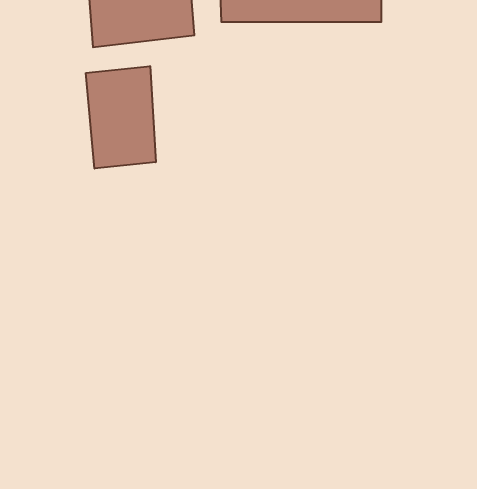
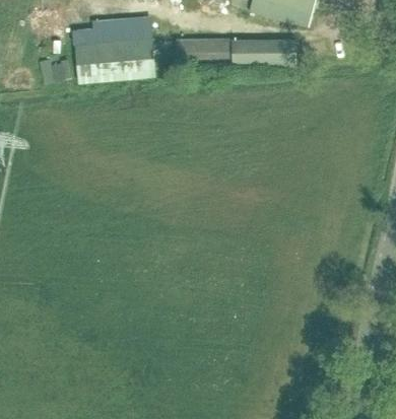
building: [86,66,156,169] -> none

